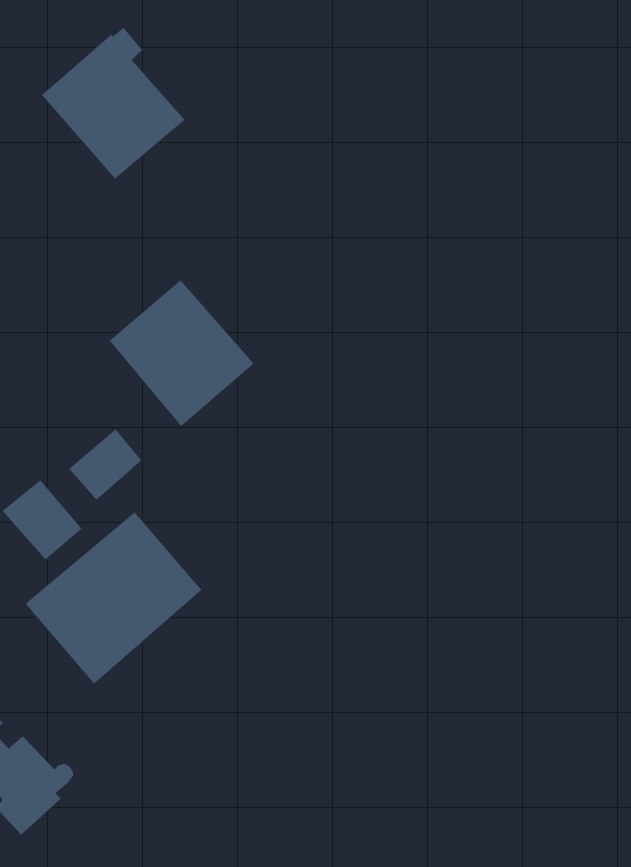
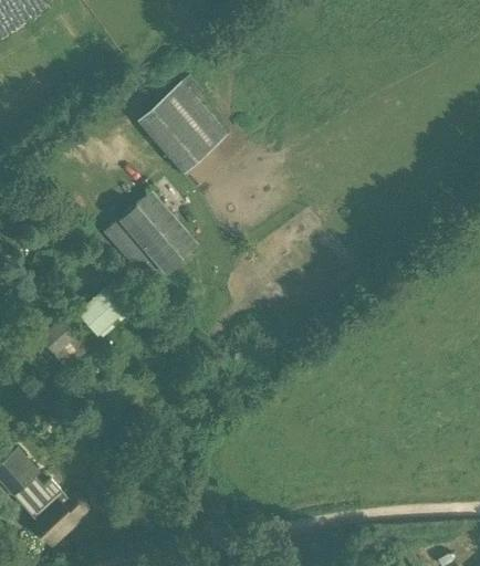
building: [41,27,185,179] -> [138,75,229,171]
building: [25,512,202,685] -> none

